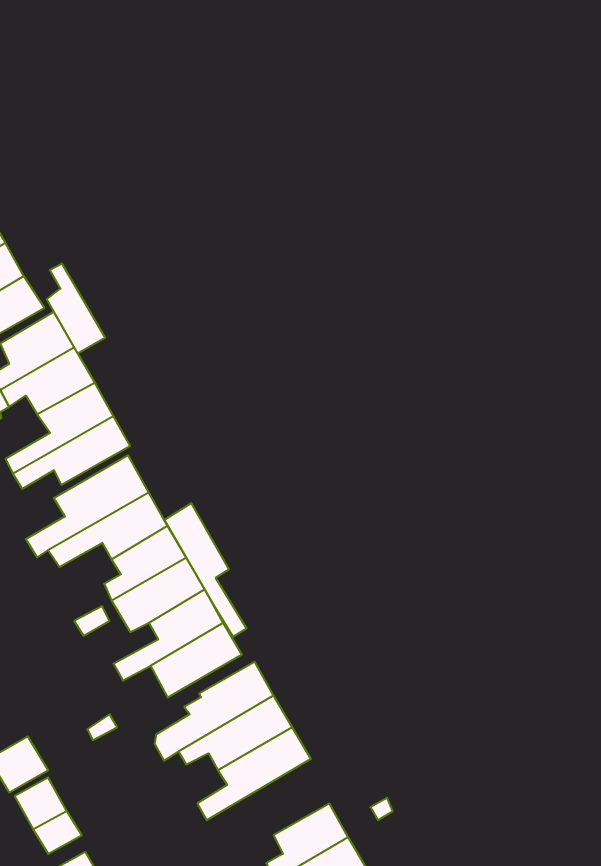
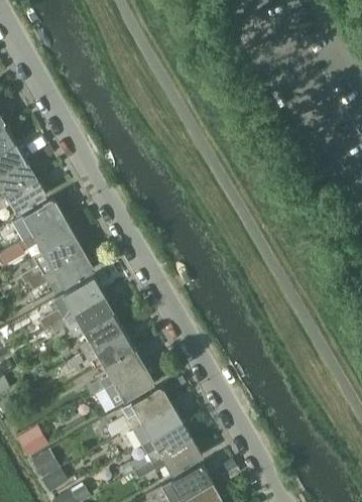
building: [47,263,105,354] -> none
building: [165,503,247,637] -> none
building: none -> [134,438,202,480]

